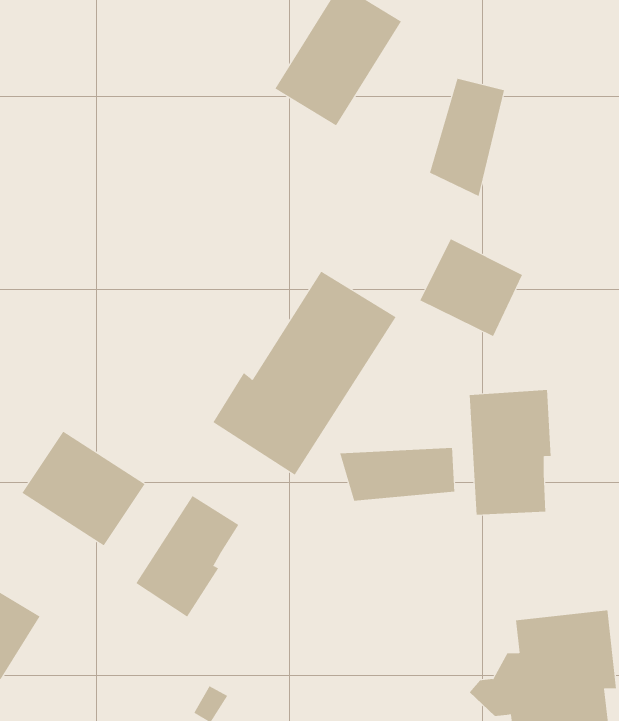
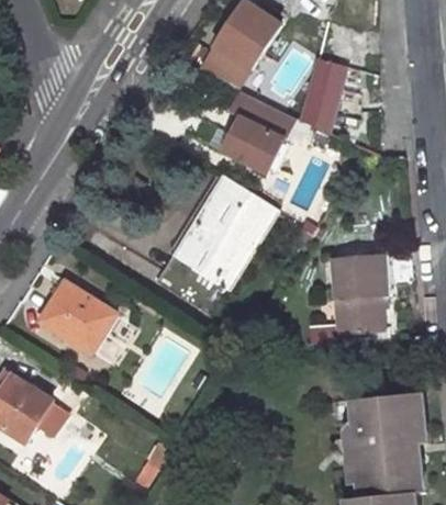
building: [420,239,523,337] -> [219,109,285,171]
building: [340,447,455,501] -> none
building: [135,495,239,618] -> none

